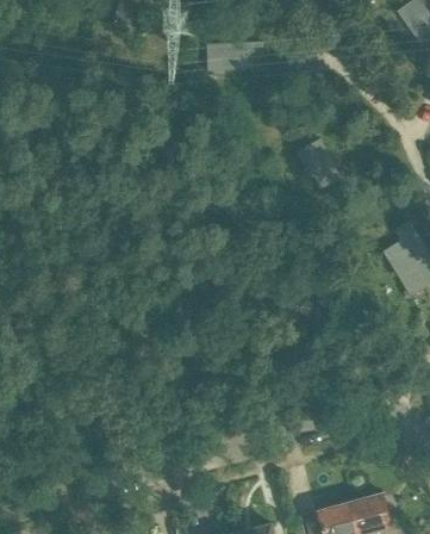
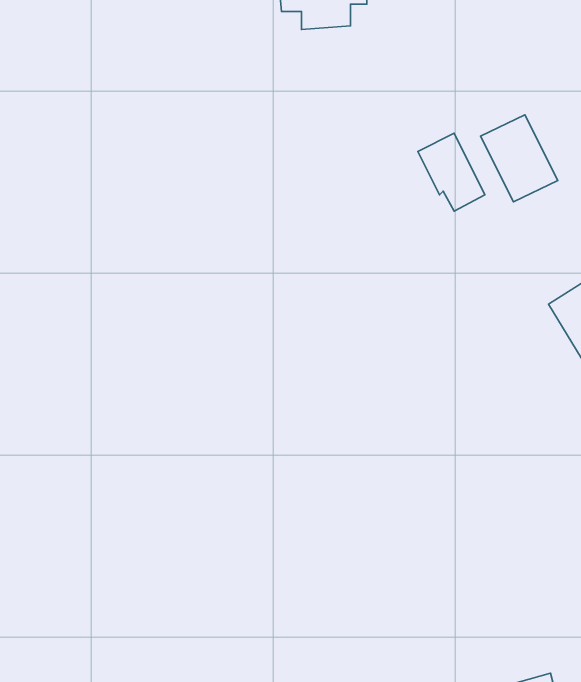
building: none -> [481,115,558,202]

